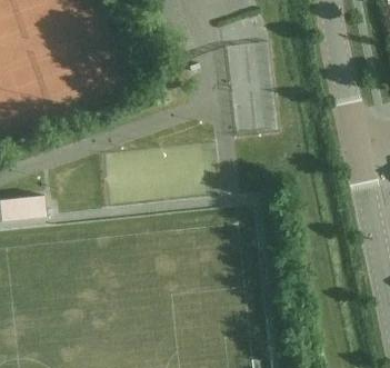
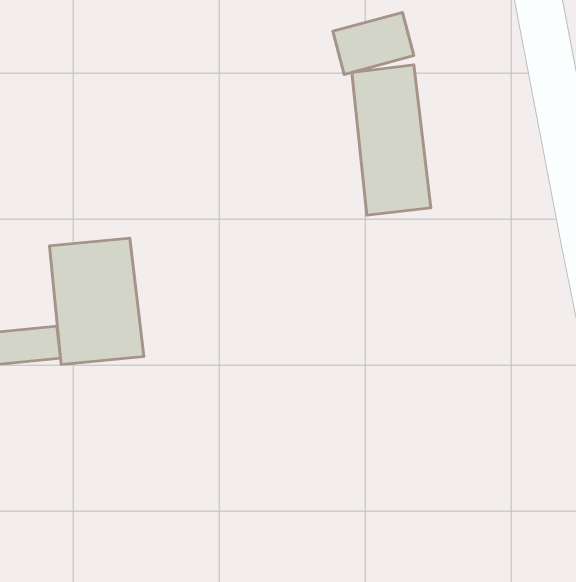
building: none -> [49,238,144,365]

